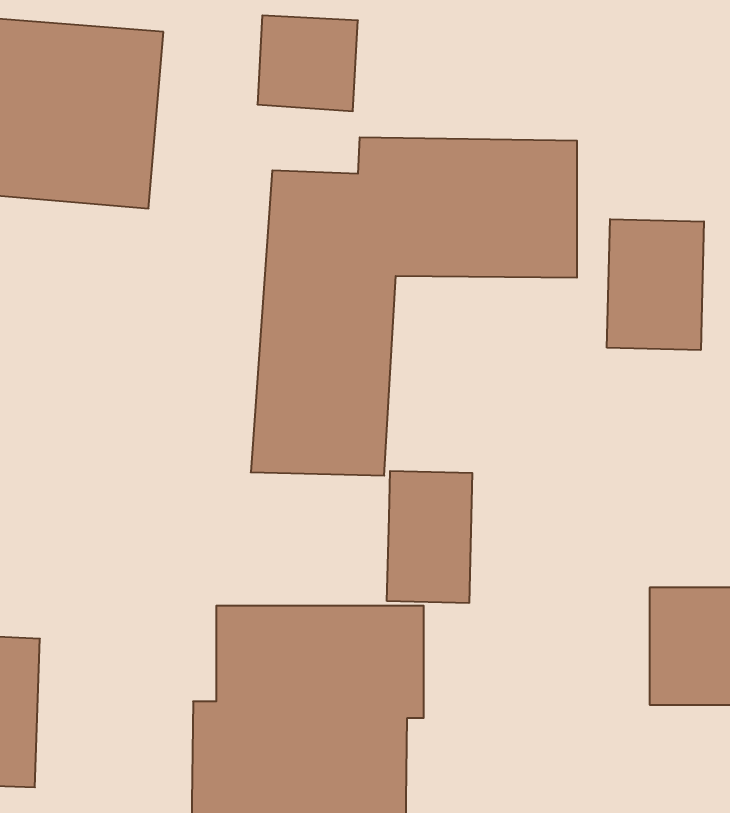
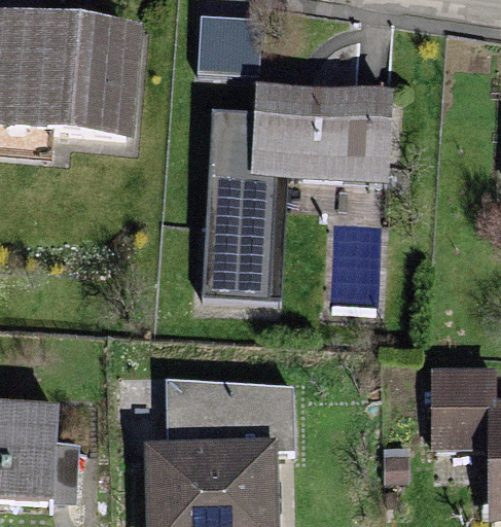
building: [607,219,704,350] -> none
building: [387,471,472,603] -> none

